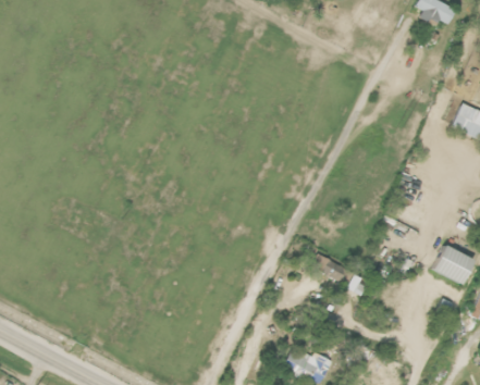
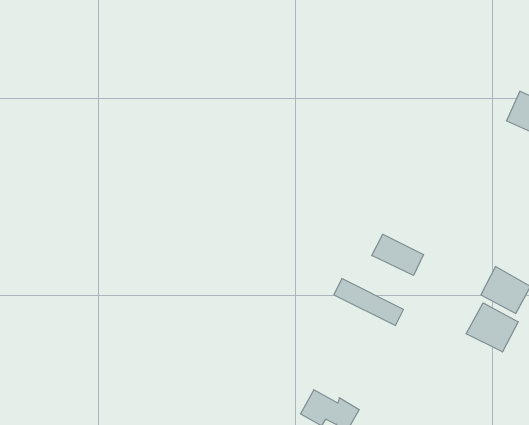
building: none -> [372,234,424,275]
building: none -> [466,303,518,352]

